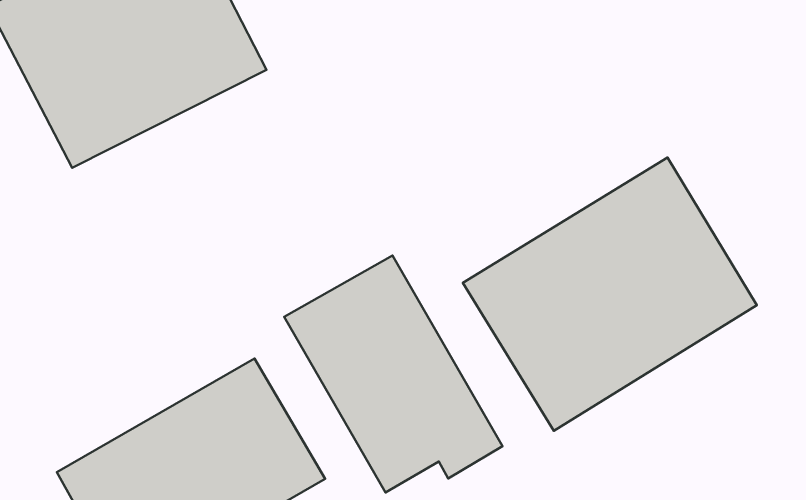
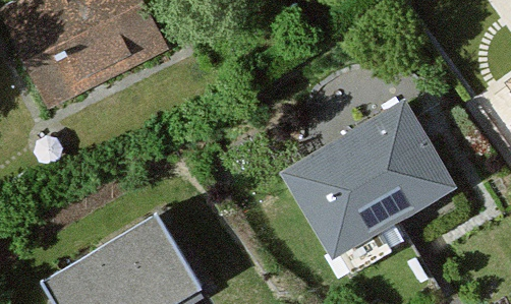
building: [284,256,502,493] -> none

